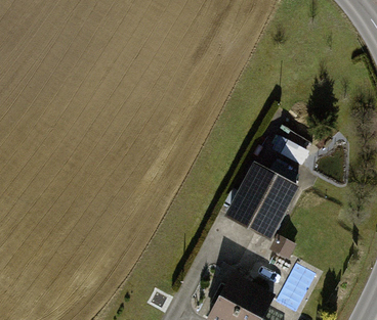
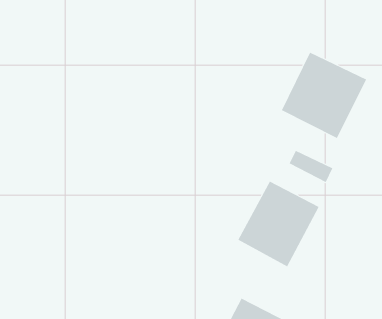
building: none -> [281,52,367,139]

